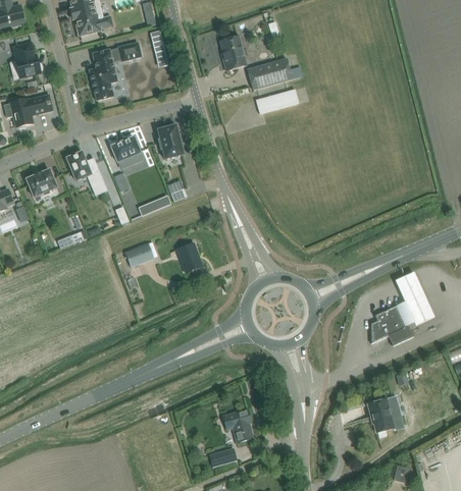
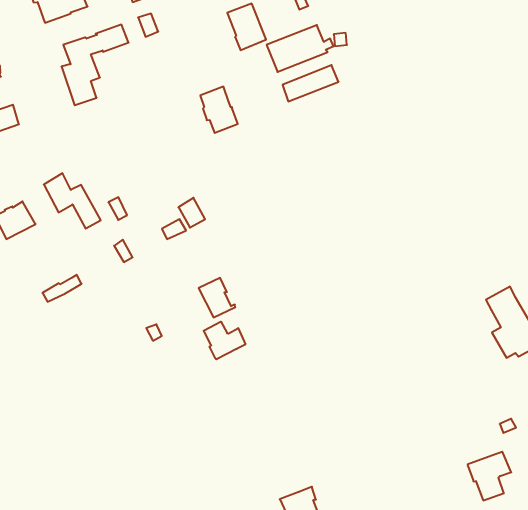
building: [157,124,184,159] -> [200,87,238,133]
building: [110,137,142,163] -> none
building: [125,242,154,267] -> none
building: none -> [204,322,245,359]
building: [371,306,414,345] -> none

